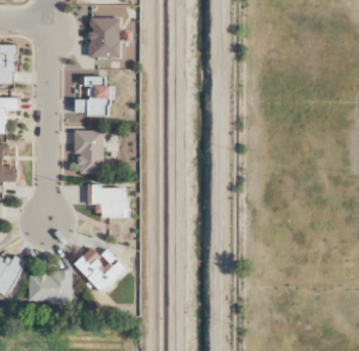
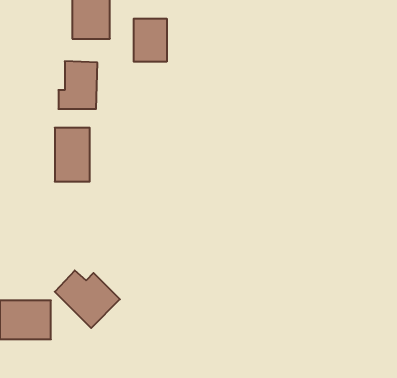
building: none -> [134,19,167,62]
building: [90,185,125,217] -> none

